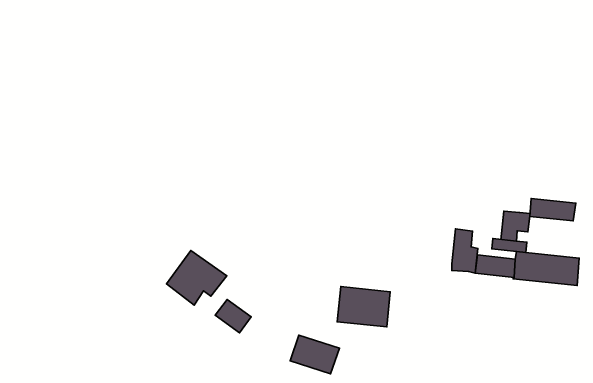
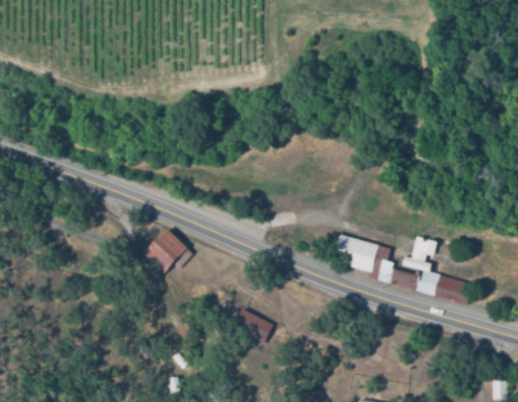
building: [530,199,576,221] -> none
building: [337,287,390,327] -> [333,235,378,272]
building: [215,300,251,333] -> none

